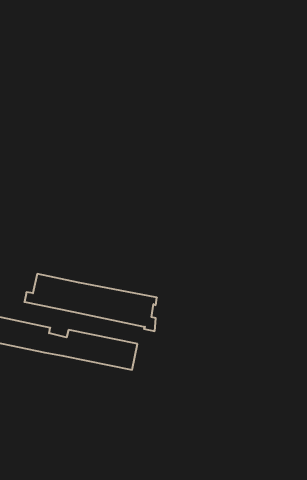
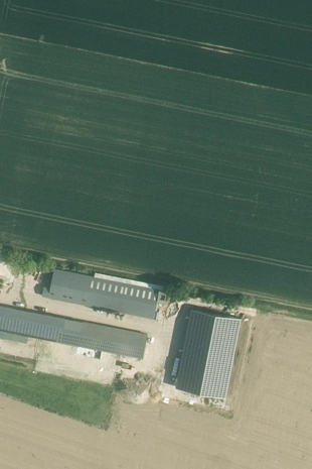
building: none -> [175,308,241,397]

